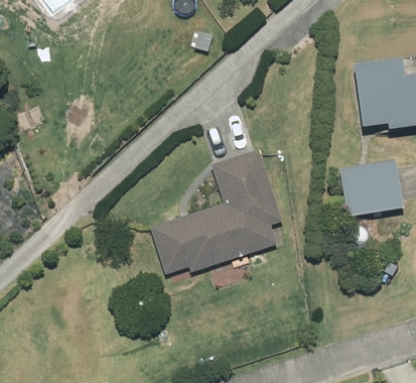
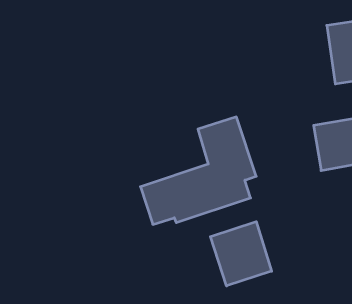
building: none -> [210,222,272,286]

